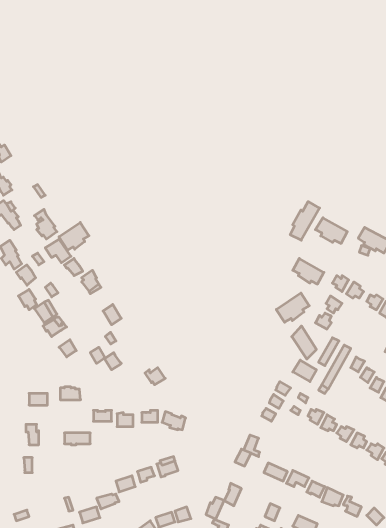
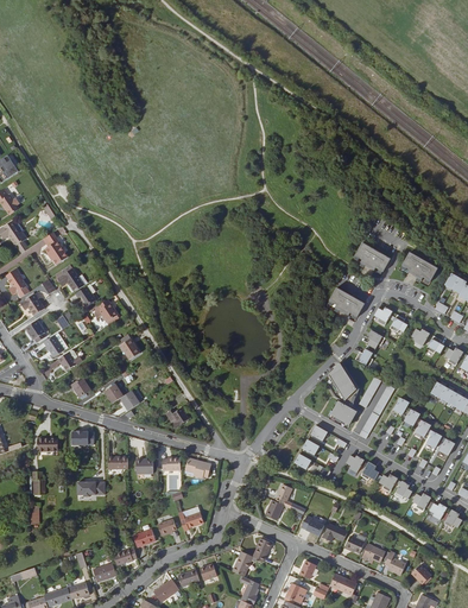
building: [290,202,320,240] -> none
building: [59,222,89,250] -> none
building: [276,293,309,322] -> none

